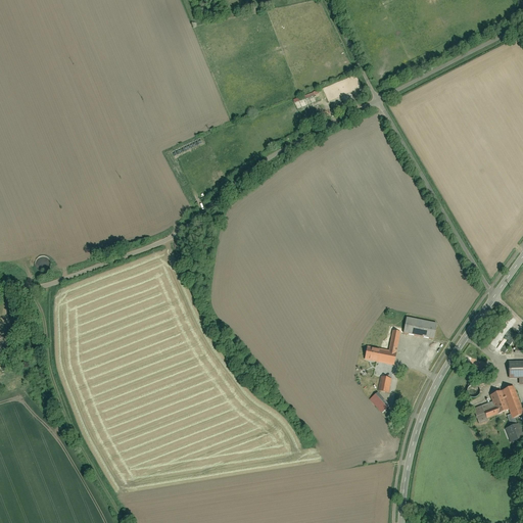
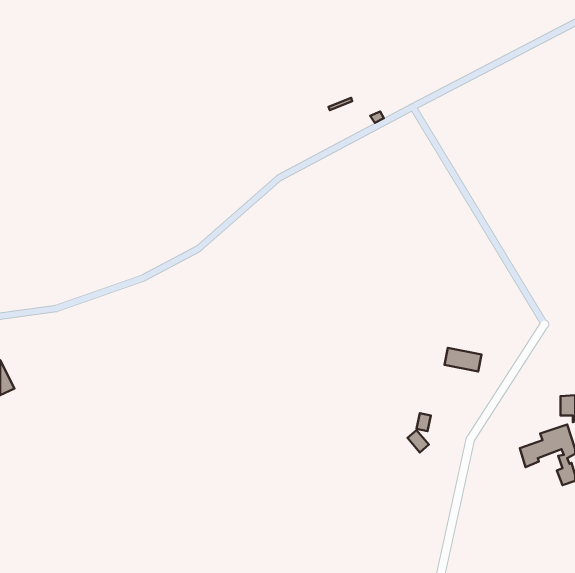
building: [365,329,400,364] -> none

